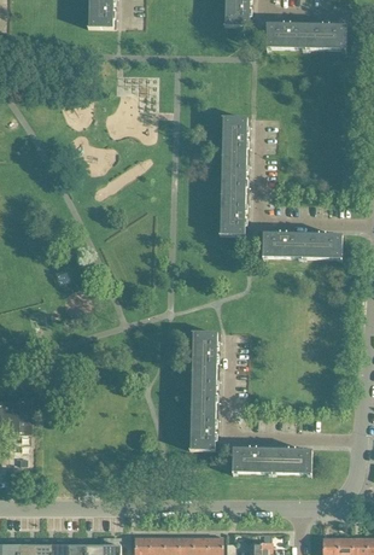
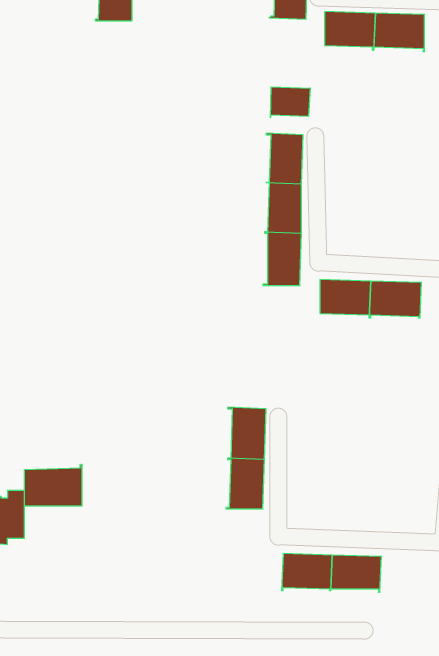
building: none -> [270,87,310,118]
building: none -> [24,464,82,506]
building: [187,410,217,450] -> none

